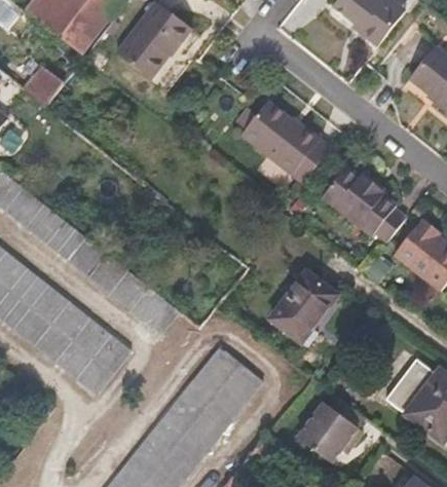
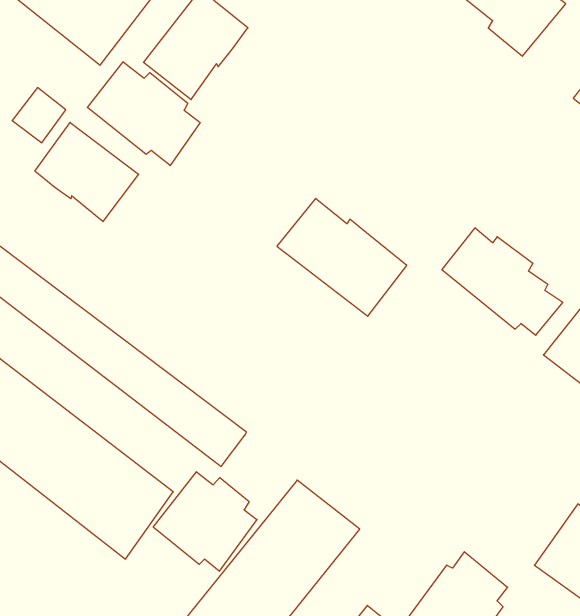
building: none -> [87,62,200,166]
building: none -> [35,122,139,222]
building: [238,103,328,184] -> [277,198,407,316]
building: [271,272,339,338] -> none
building: none -> [153,472,257,571]

